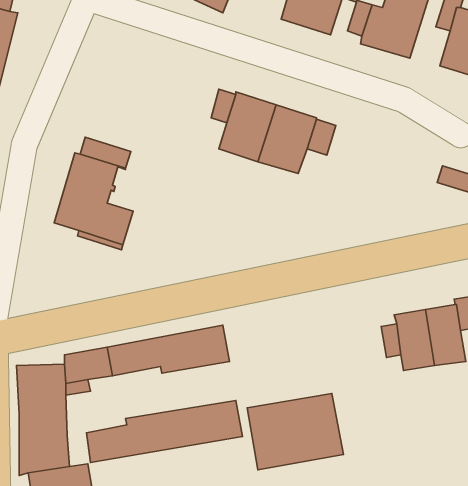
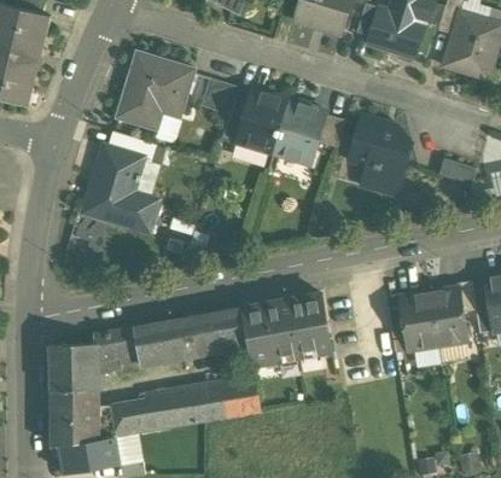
building: none -> [117,52,194,130]
building: none -> [202,78,238,113]
building: none -> [350,116,412,196]
building: [247,393,343,470] -> [241,293,331,365]

